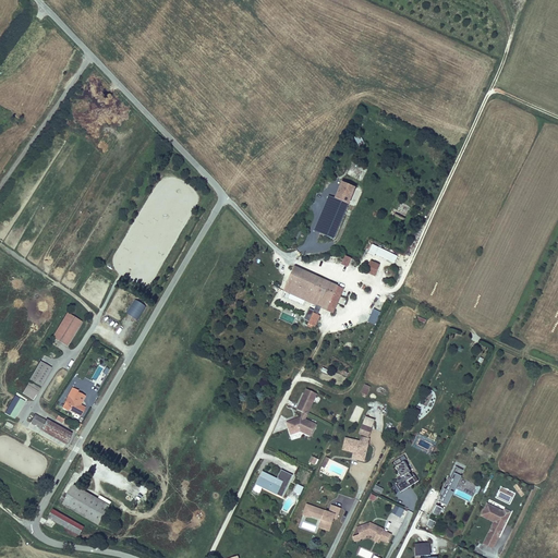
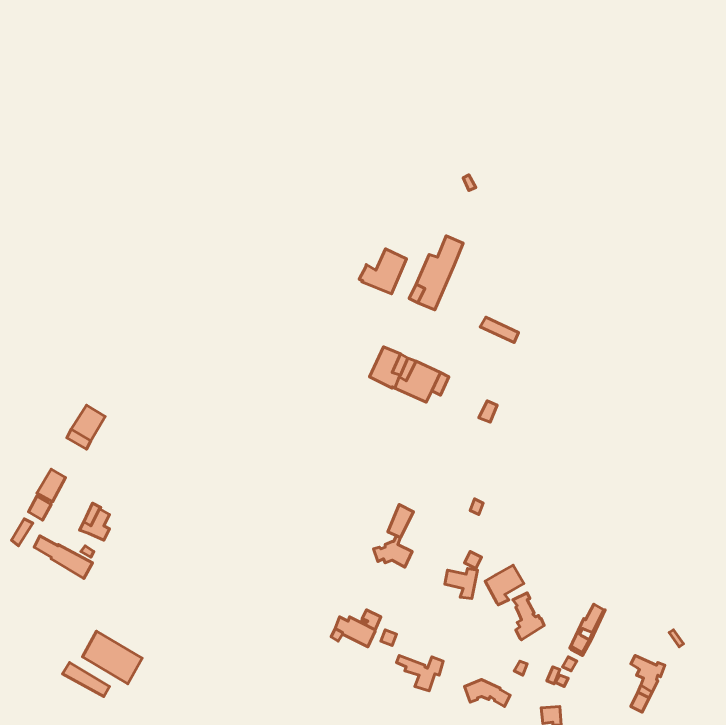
building: none -> [359,249,406,294]
building: none -> [485,565,524,605]

